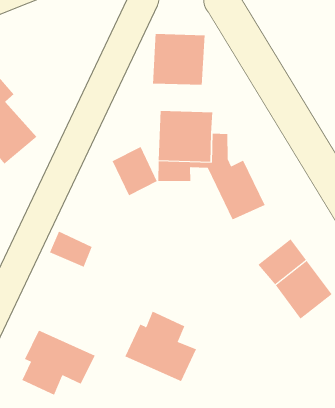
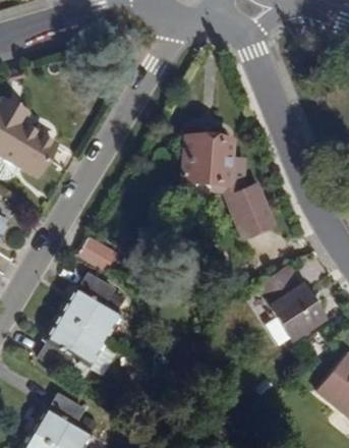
building: [152,33,205,85] -> none
building: [112,146,158,196] -> none
building: [124,311,197,382] -> [55,280,119,345]

